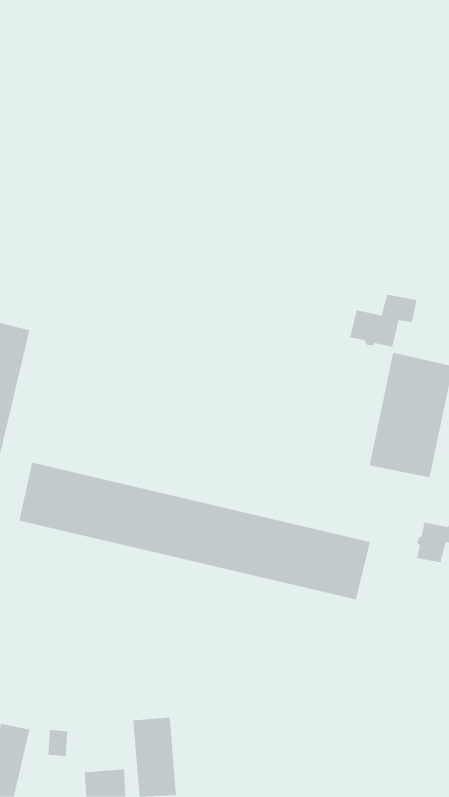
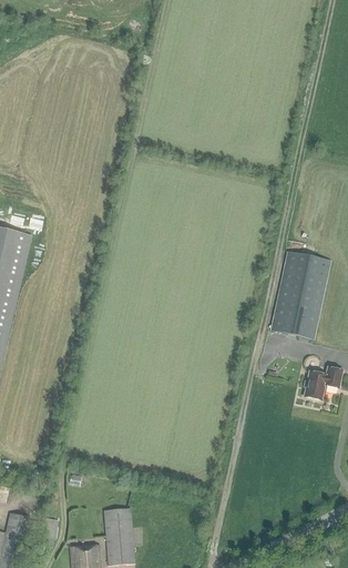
building: [349,294,417,347] -> none
building: [19,462,371,600] -> none

